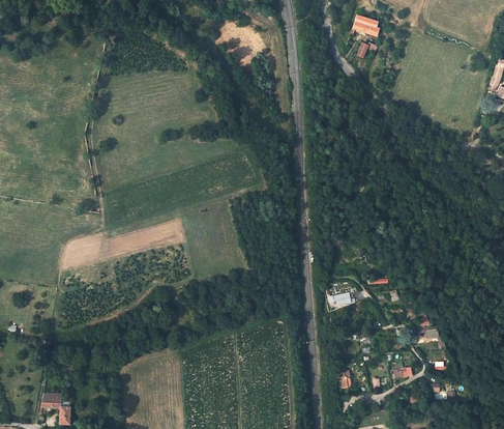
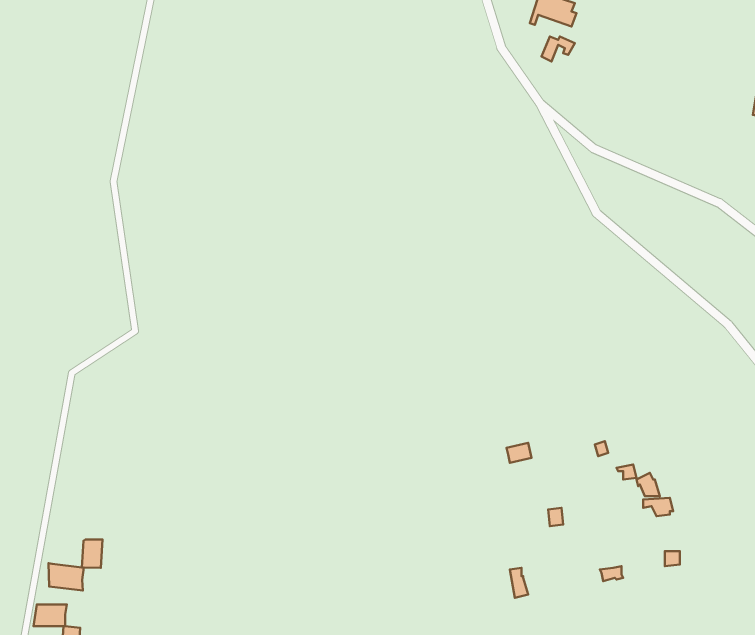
building: none -> [48,539,102,591]

